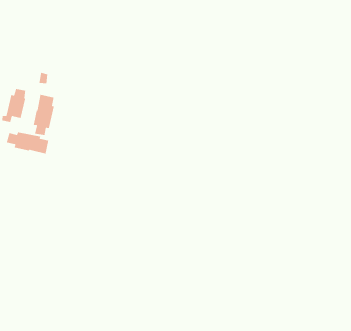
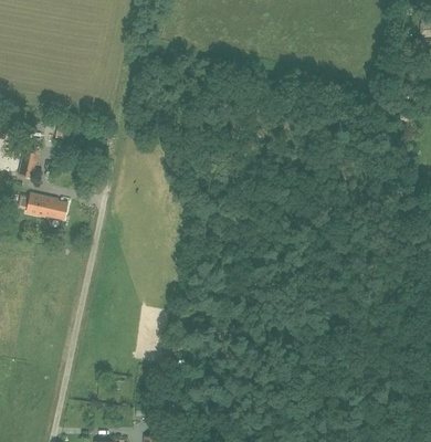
building: [33,94,55,136] -> none

